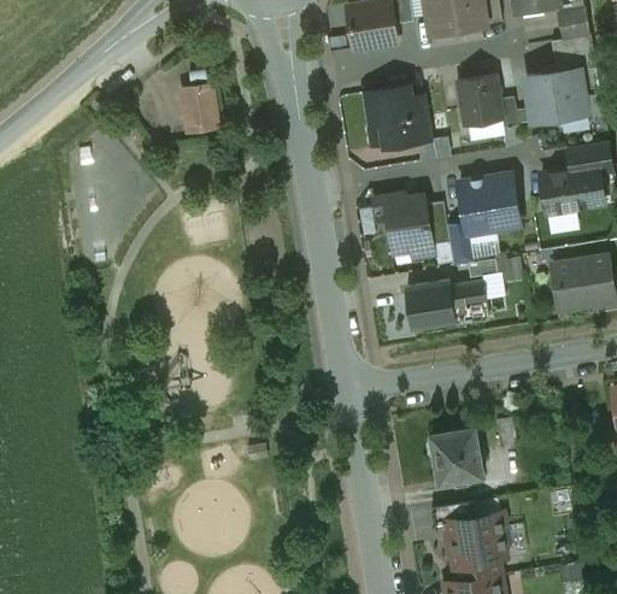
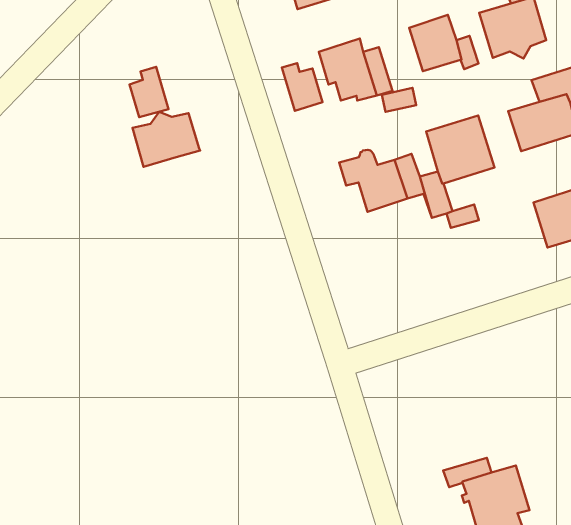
building: none -> [282,63,322,111]
building: none -> [133,112,200,167]
building: [406,281,486,328] -> none
building: [428,428,481,482] -> none

